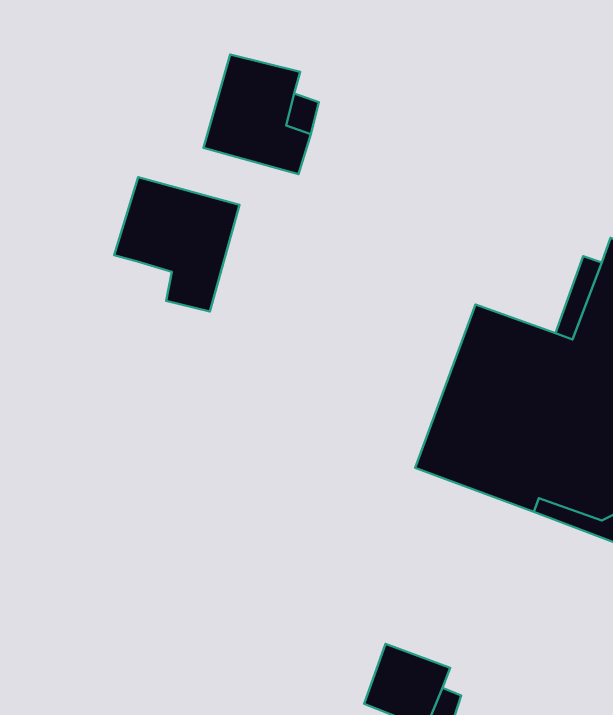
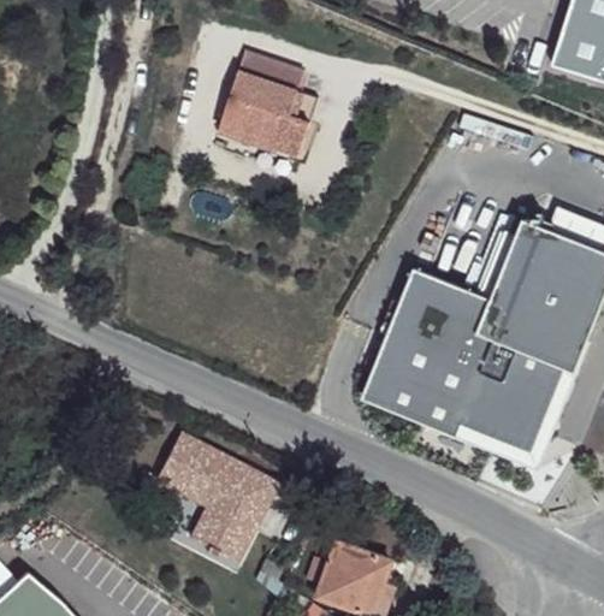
building: [114,177,240,312] -> none
building: none -> [156,431,277,558]

